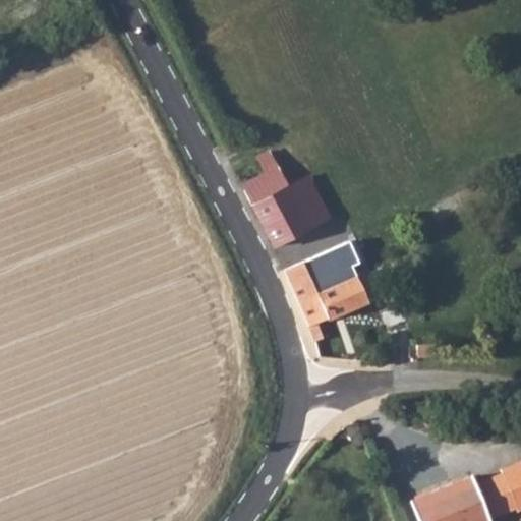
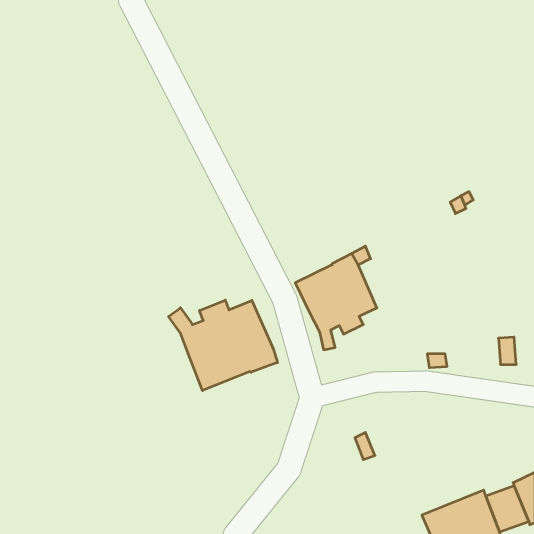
building: [242,143,329,248] -> none
building: none -> [169,300,278,391]

